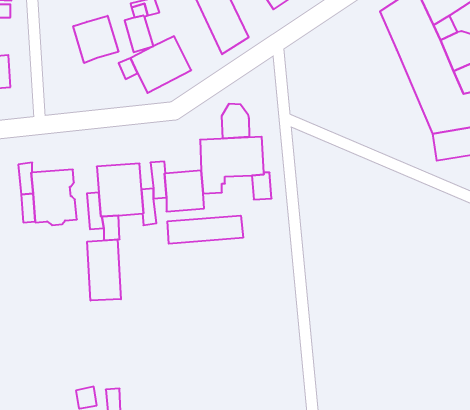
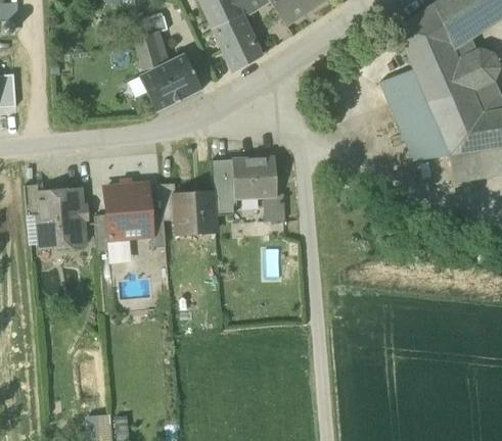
building: [73,16,118,63] -> none
building: none -> [381,67,451,159]
building: [222,104,249,139] -> none
building: [168,216,243,244] -> none
building: [87,239,121,301] -> none

